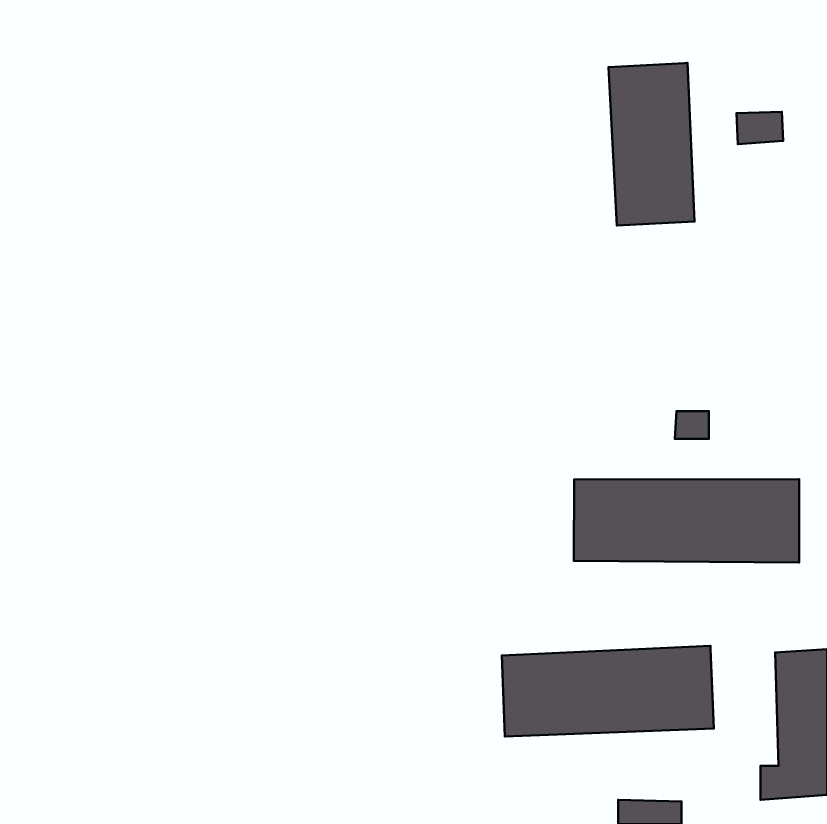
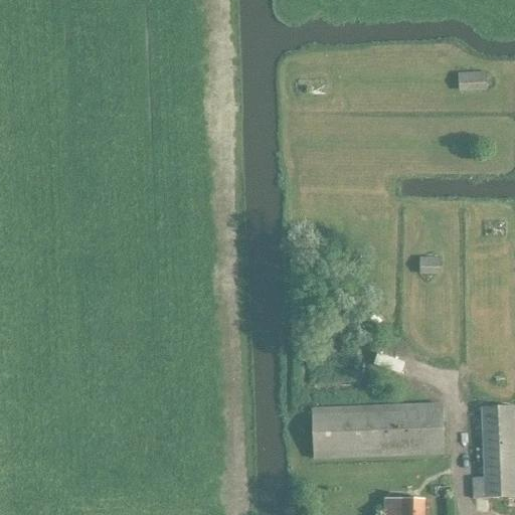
building: [609,63,694,225] -> none
building: [574,479,799,562] -> none

